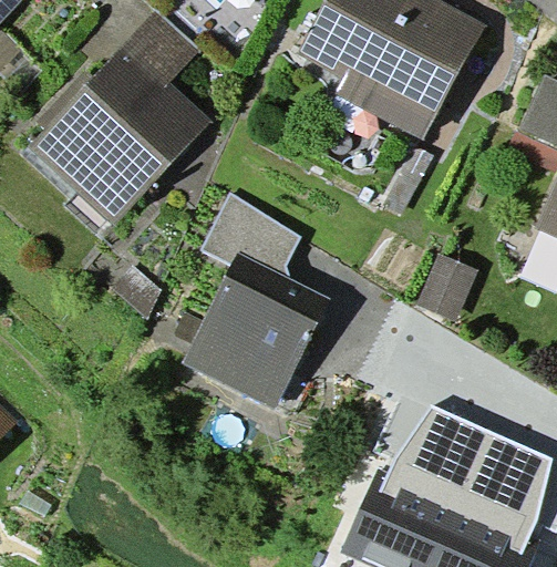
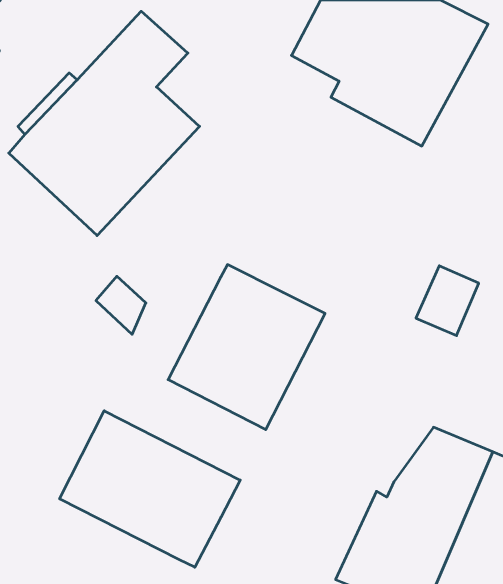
building: [202,193,300,279] -> none
building: none -> [60,411,240,567]

